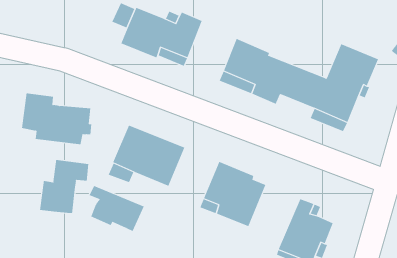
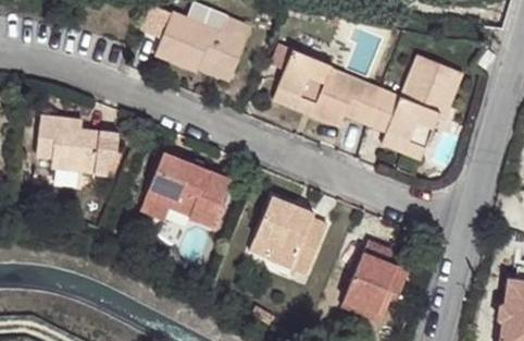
building: [40,159,89,214] -> none
building: [89,185,145,232] -> none

